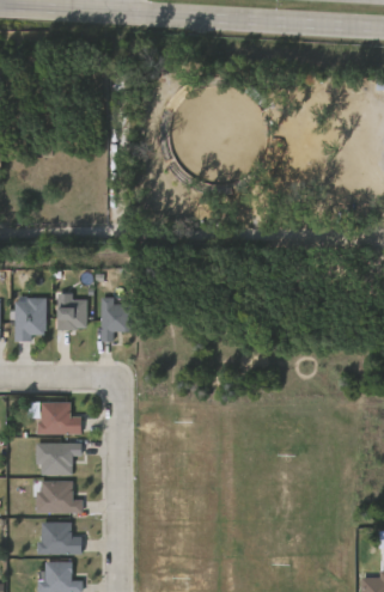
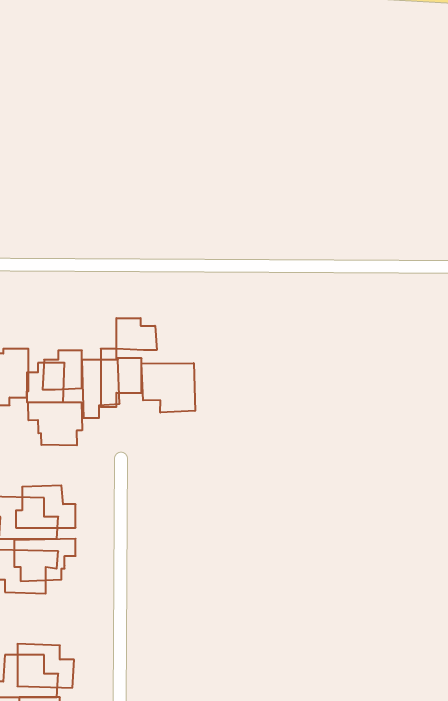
building: none -> [116,318,157,350]
building: none -> [142,363,195,413]
building: none -> [28,402,82,445]
building: [37,482,83,513] -> none

